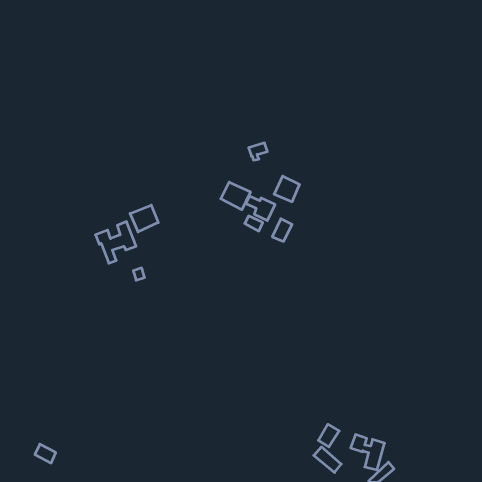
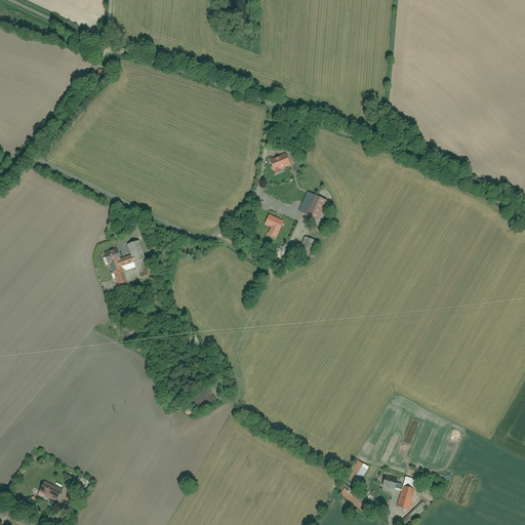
building: [221,182,250,210] -> none
building: [130,205,158,232] -> none

